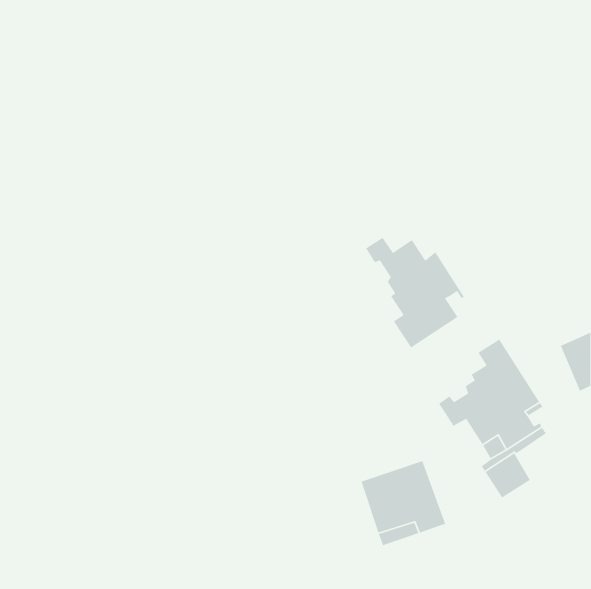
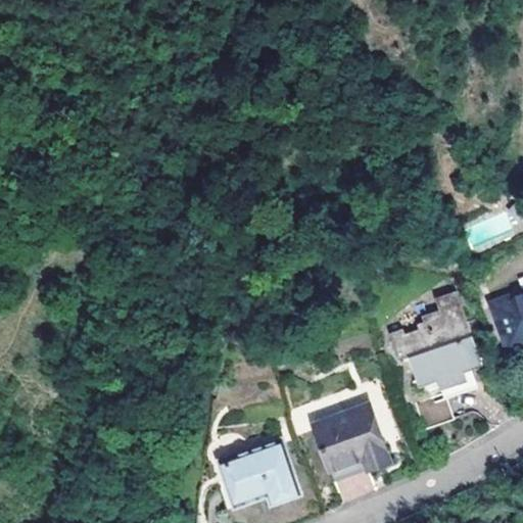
building: [365,237,464,349] -> none
building: none -> [211,434,297,505]

